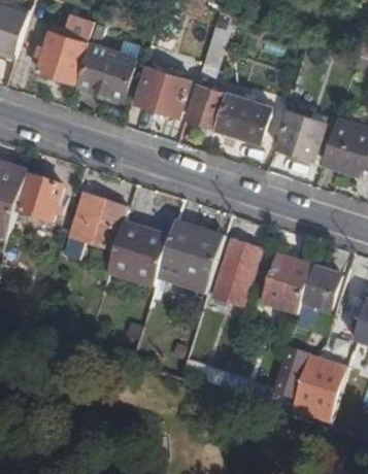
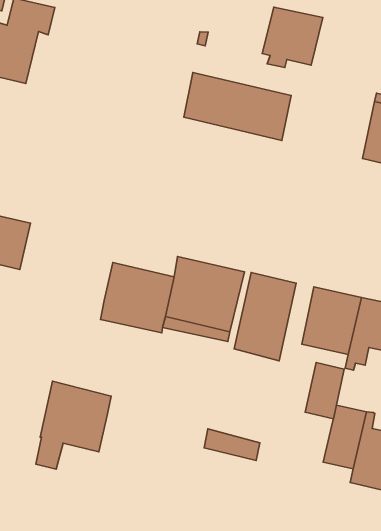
building: [78,23,137,98] -> none
building: [136,66,190,114] -> none
building: [276,110,326,158] -> [262,7,323,68]
building: [64,195,127,263] -> [36,381,111,469]
building: none -> [305,363,344,419]

